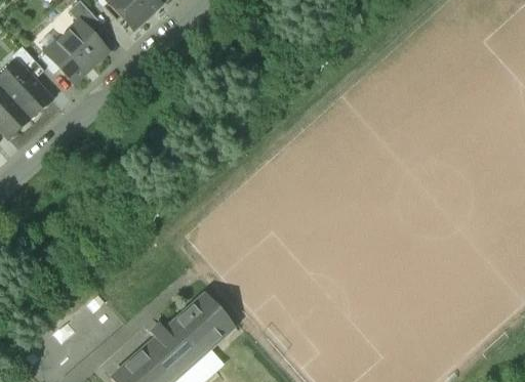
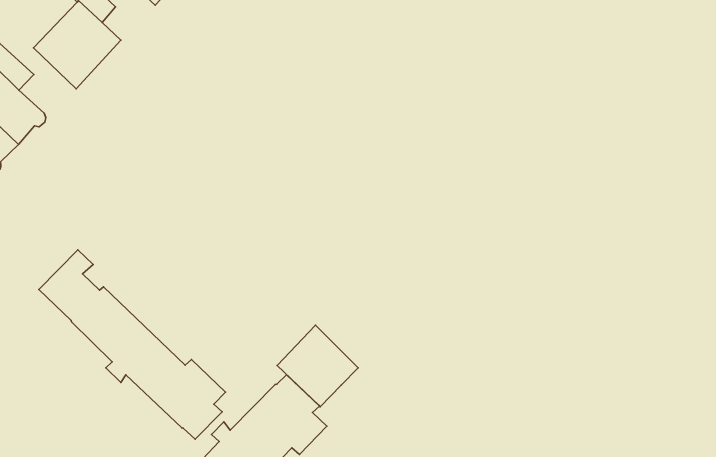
building: none -> [39,250,226,439]
building: none -> [277,325,358,407]

